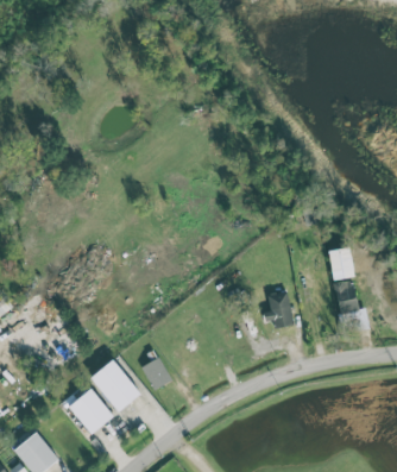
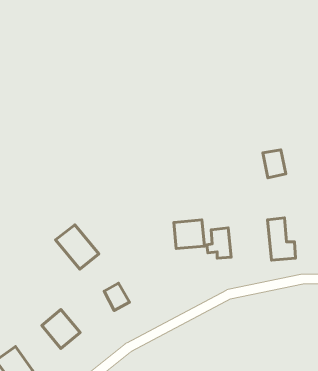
building: [327,247,354,281] -> [263,150,286,178]
building: none -> [174,220,205,248]
building: [89,359,140,411] -> [56,225,99,269]

